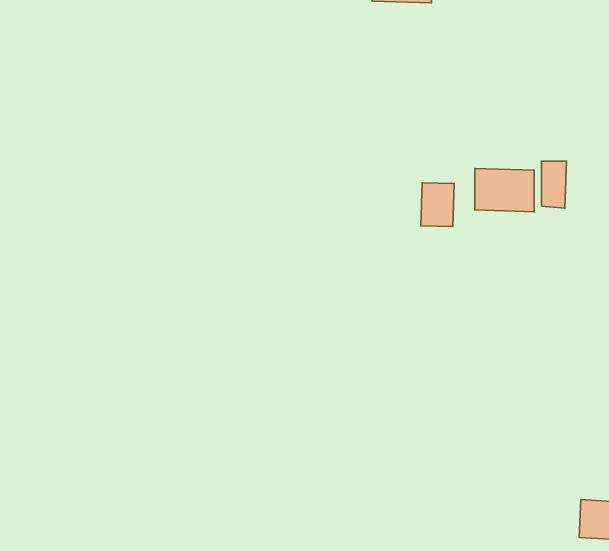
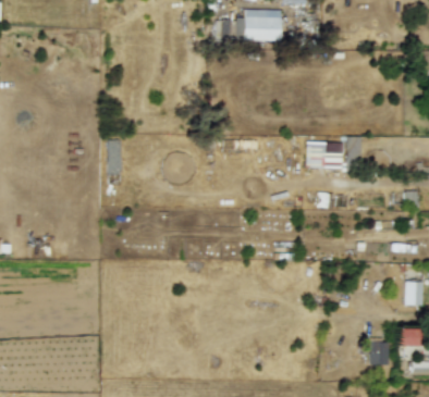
building: [421,183,454,226] -> none

